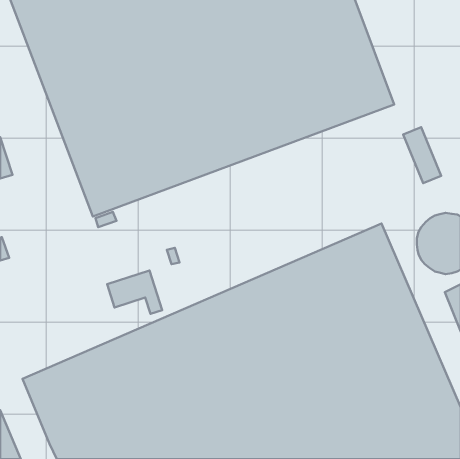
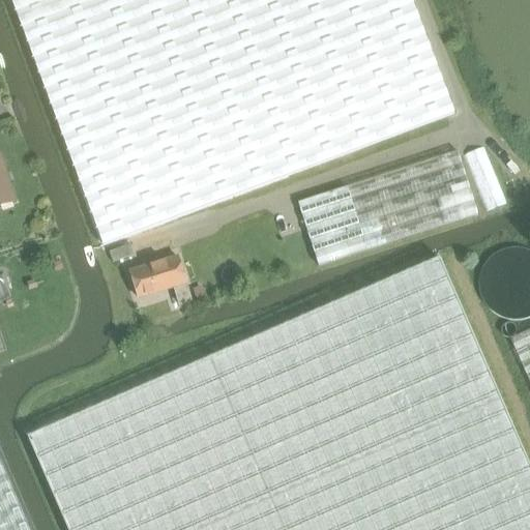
building: none -> [298,148,474,264]
building: [107,270,162,314] -> [129,257,193,306]

